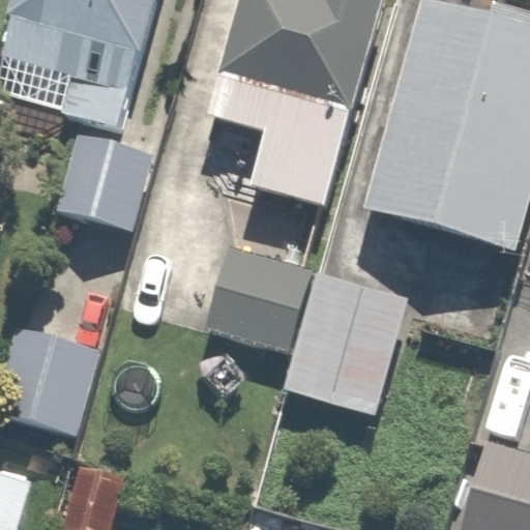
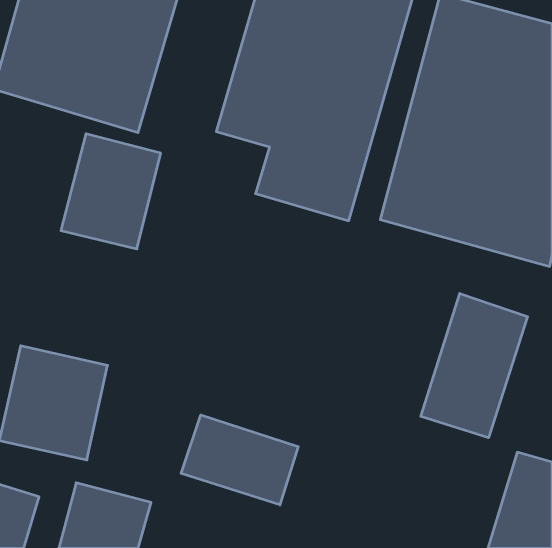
building: [202,243,401,422] -> none
building: none -> [421,293,528,438]
building: none -> [181,415,298,505]

